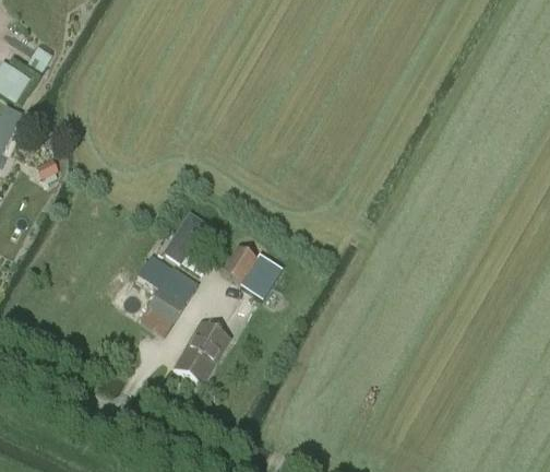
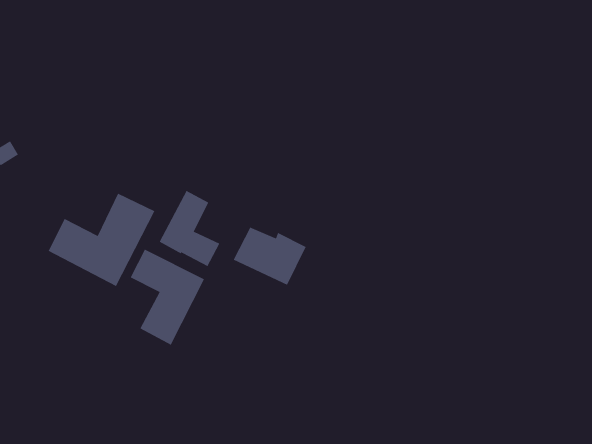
building: none -> [48,193,155,287]
building: [174,319,230,385] -> none

